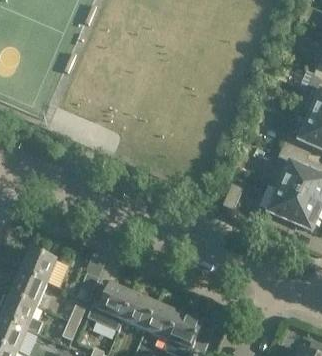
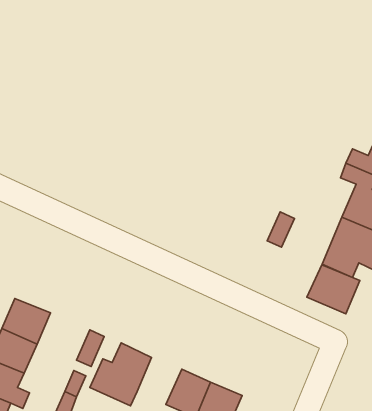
building: none -> [307,265,360,314]
building: [123,293,157,329] -> none

